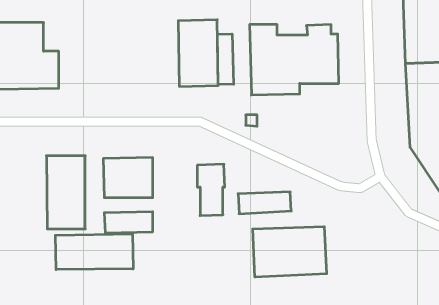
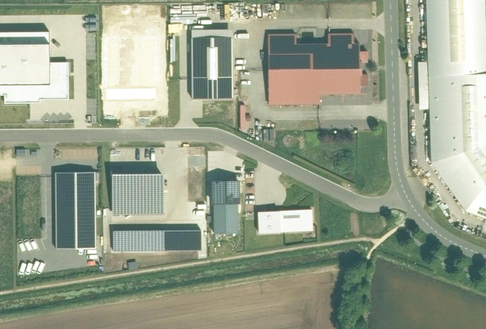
building: [217,34,234,84] -> none
building: none -> [164,229,202,251]
building: [253,227,327,277] -> none
building: [55,234,133,270] -> none

